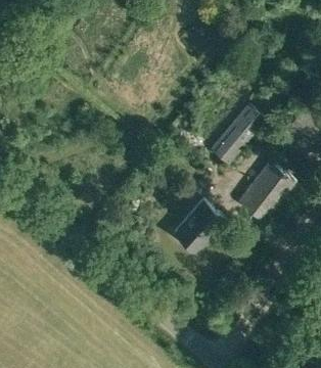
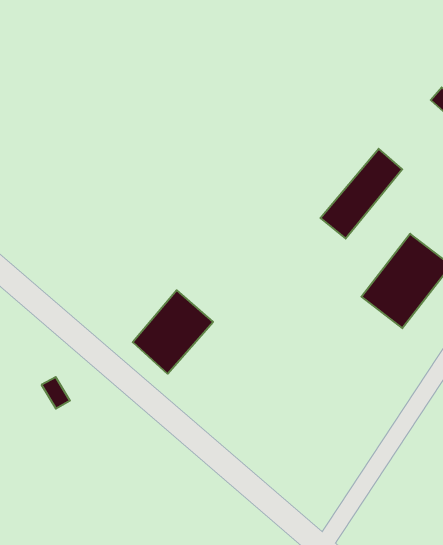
building: [173,198,225,252] -> [133,290,213,374]

